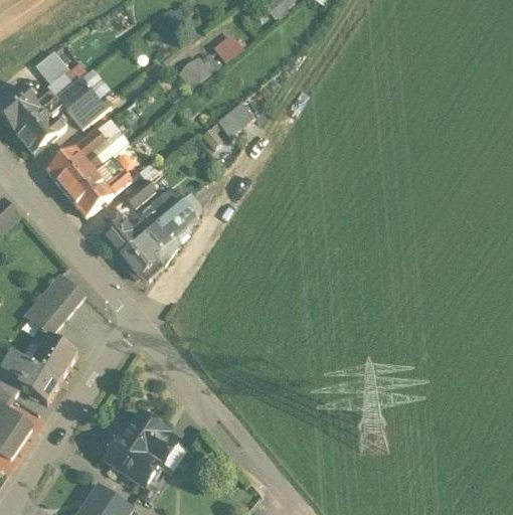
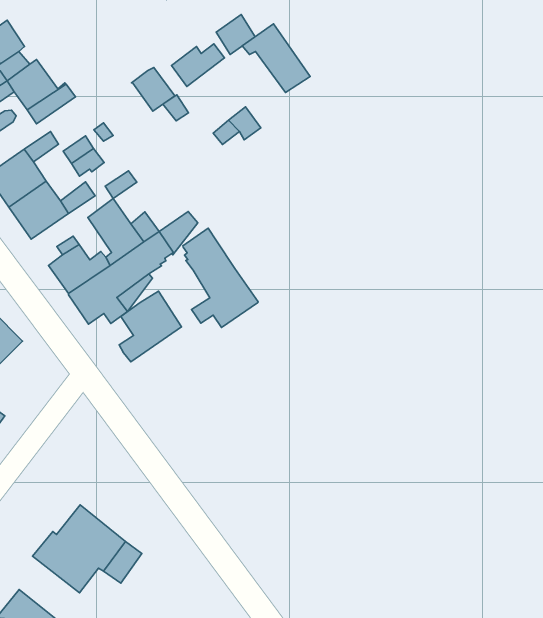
building: none -> [242,24,310,92]
building: none -> [132,67,175,111]
building: none -> [183,228,258,328]
building: none -> [119,291,181,362]

